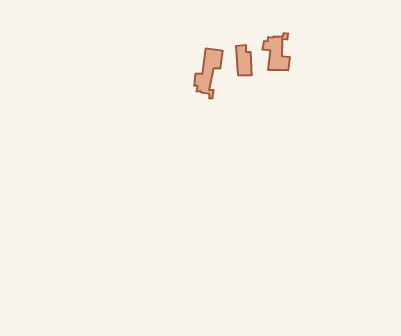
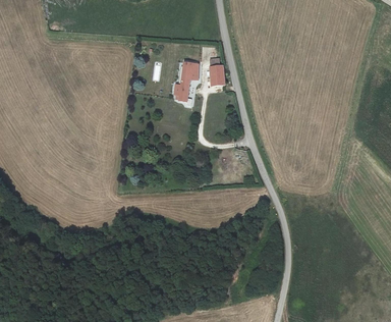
building: [263,33,290,70] -> none

